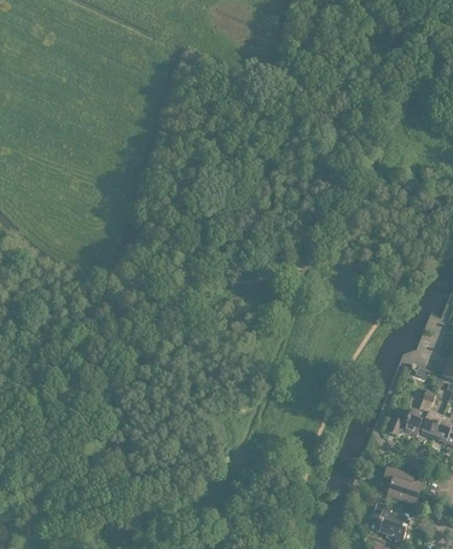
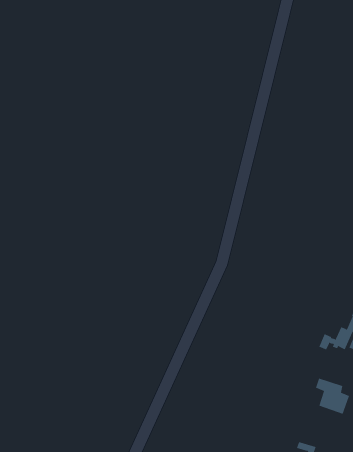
building: [372,502,408,541] -> none

